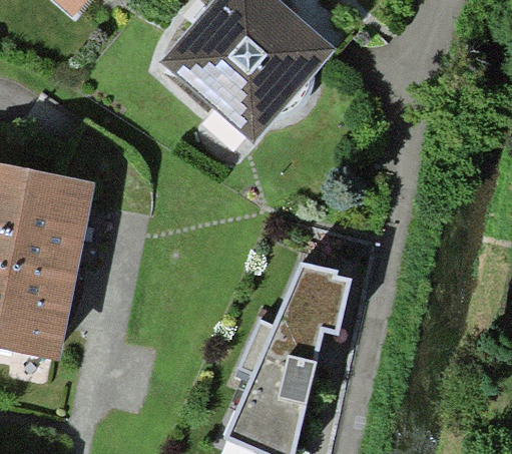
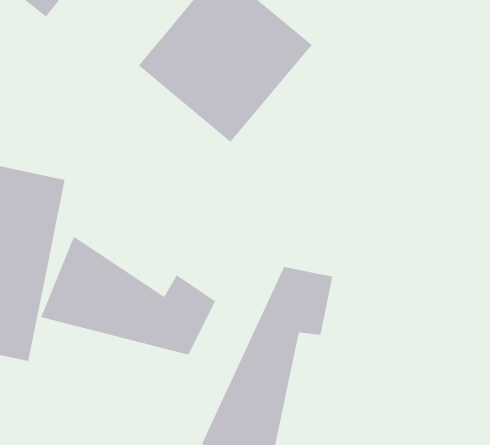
building: none -> [40,235,216,355]

